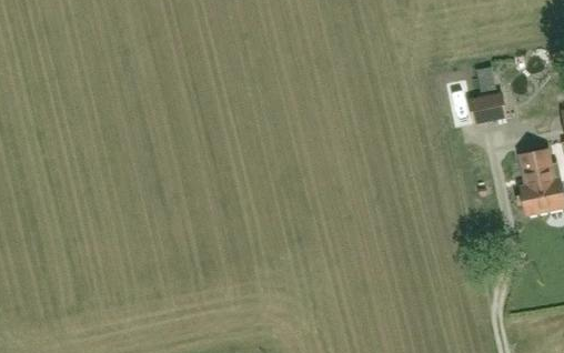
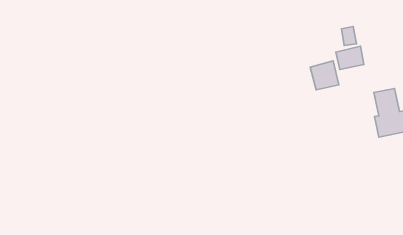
building: none -> [310,61,339,90]

